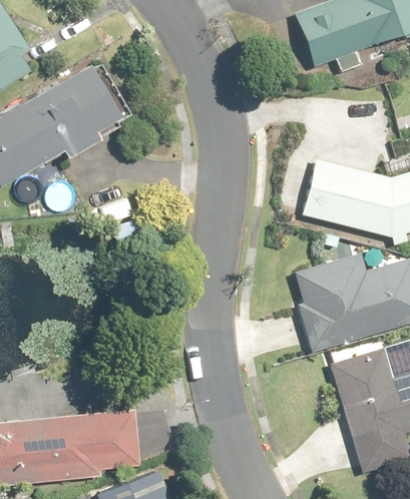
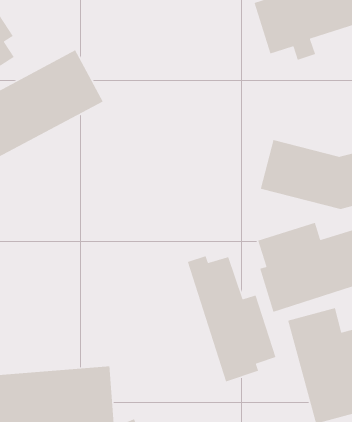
building: none -> [187,255,277,382]

